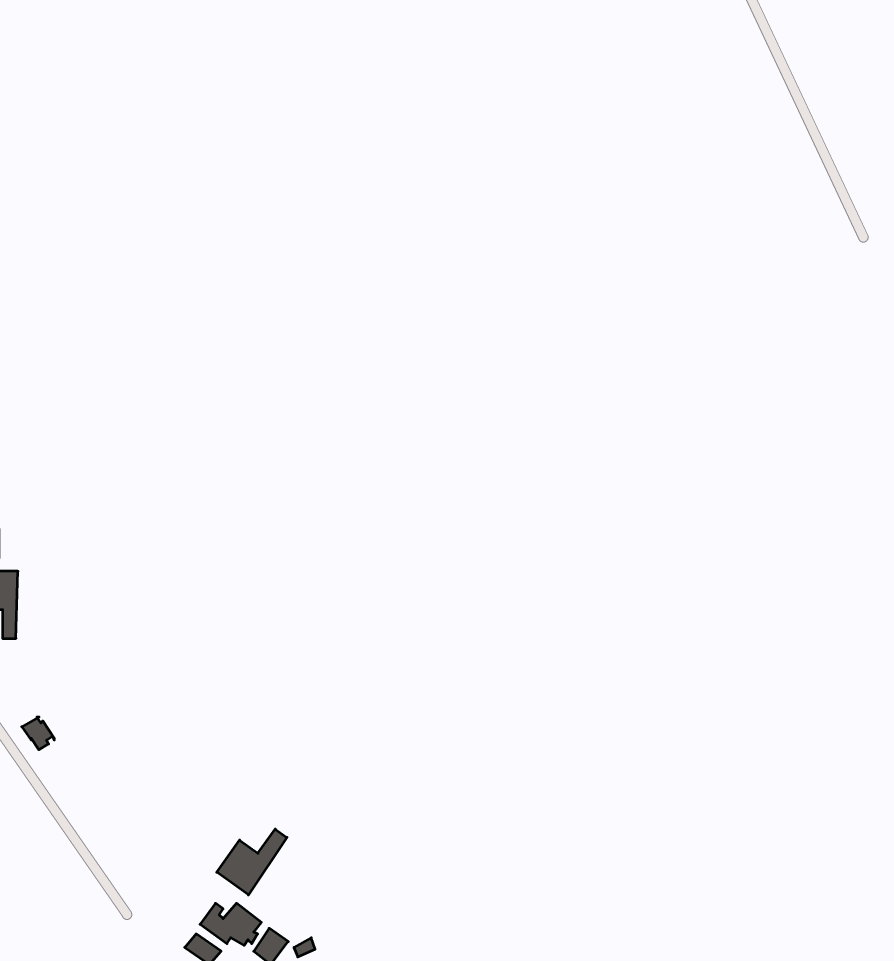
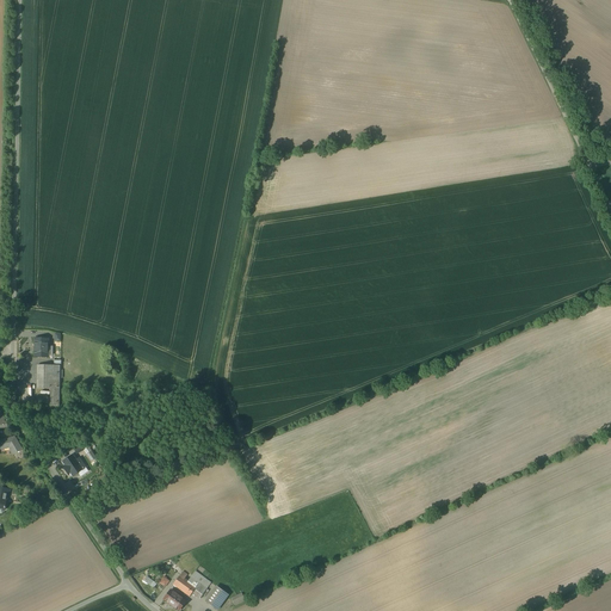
building: [217,829,287,895] -> none

